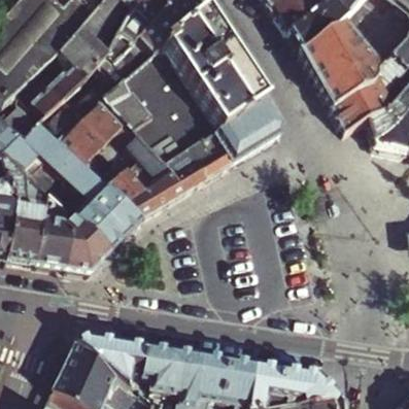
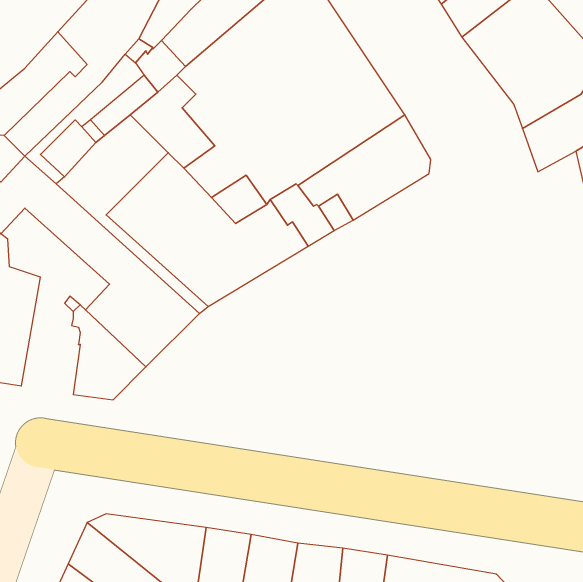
building: [37,193,72,266] -> none

